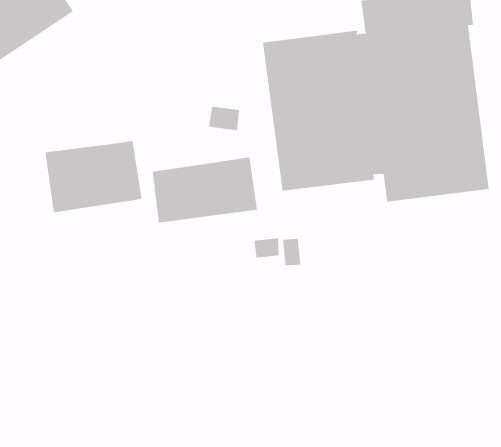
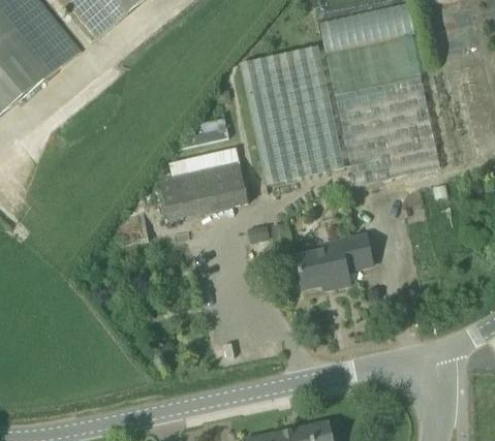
building: [45,140,142,213] -> none
building: none -> [295,234,372,292]

